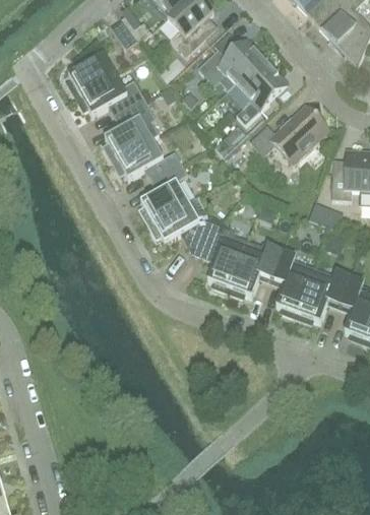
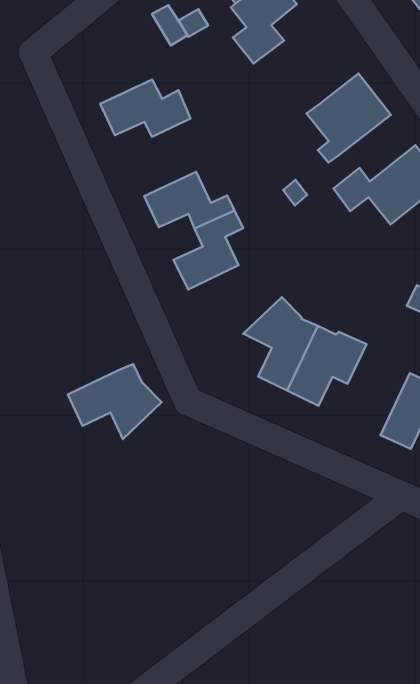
building: [67,39,114,92] -> none
building: [197,39,260,83] -> none
building: [104,98,159,155] -> none
building: [151,194,219,248] -> [68,364,161,439]
building: [270,248,314,312] -> none

